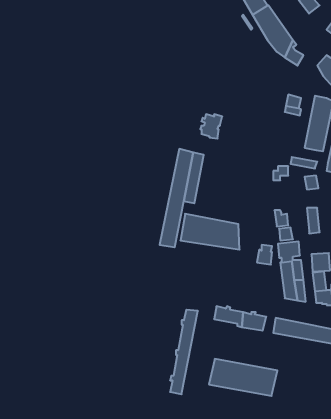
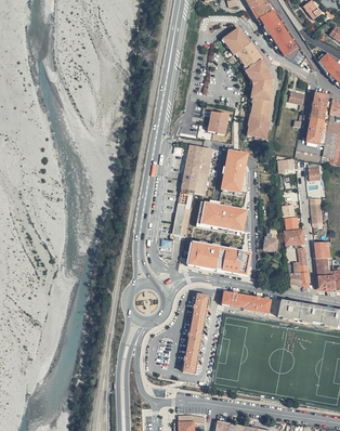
building: none -> [223,27,272,139]
building: none -> [219,153,246,196]
building: [209,359,277,396] -> [184,245,248,279]

